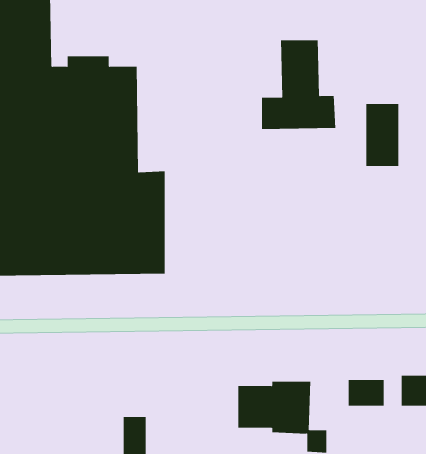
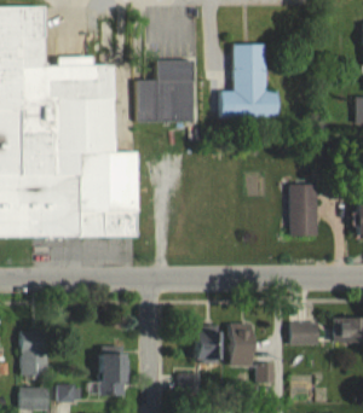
building: none -> [136,60,194,121]
building: [365,103,399,167] -> [288,185,316,237]
building: none -> [18,330,48,376]

